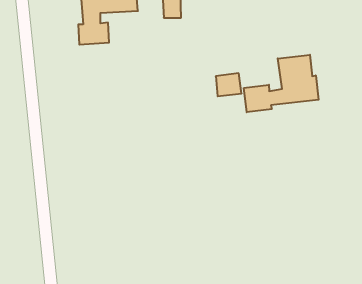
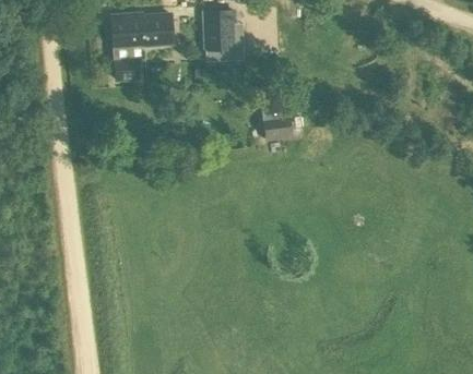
building: [244,55,319,112] -> none

